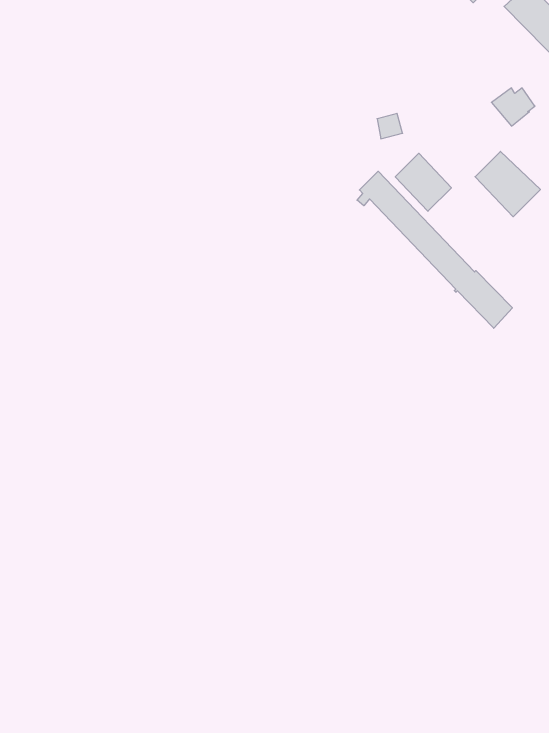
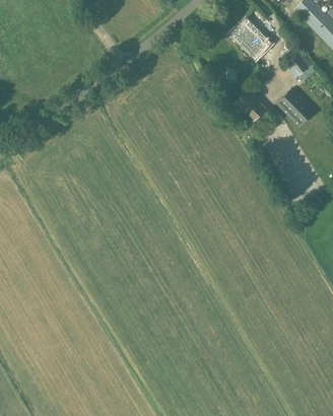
building: none -> [228,16,272,60]
building: [357,171,512,328] -> none

